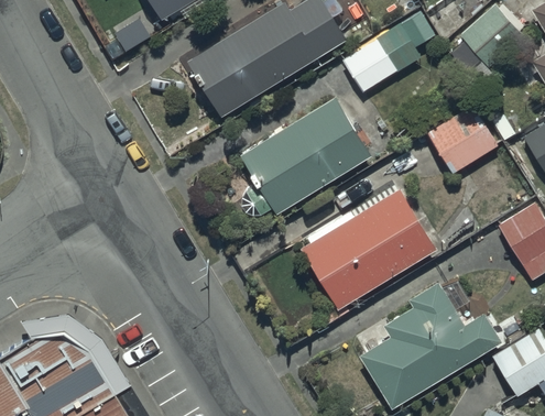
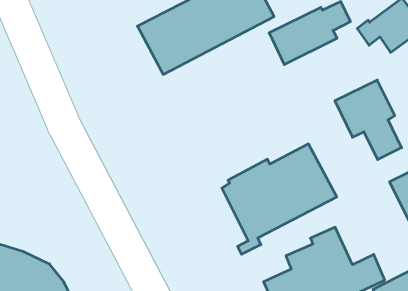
building: [240,96,372,215] -> none

